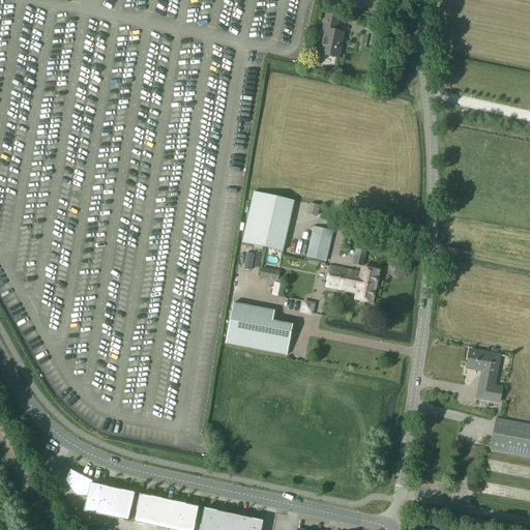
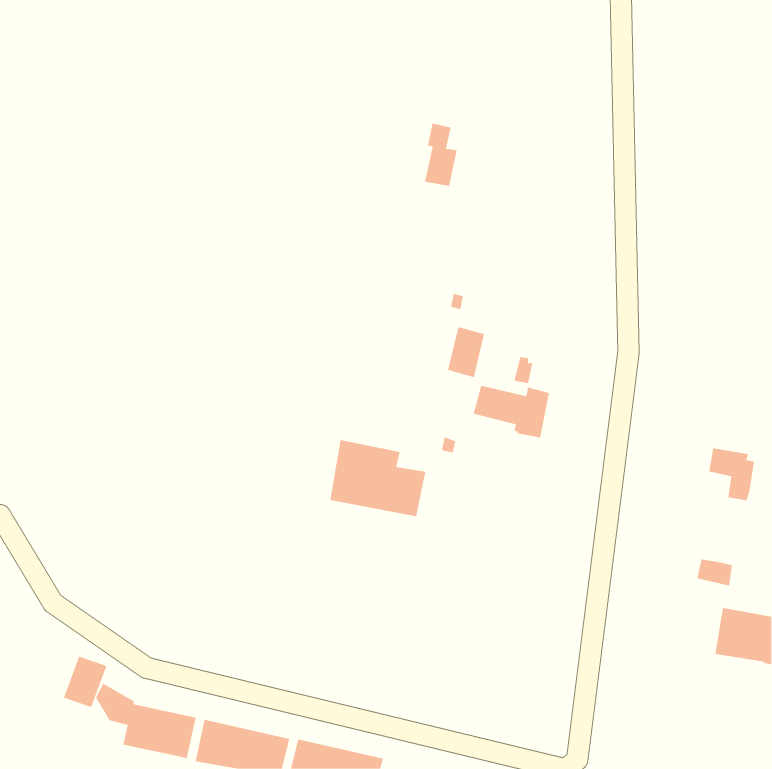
building: [320,12,343,56] -> [424,123,457,186]
building: [242,190,294,251] -> none
building: [467,349,499,385] -> [708,448,755,501]
building: none -> [63,656,107,708]

